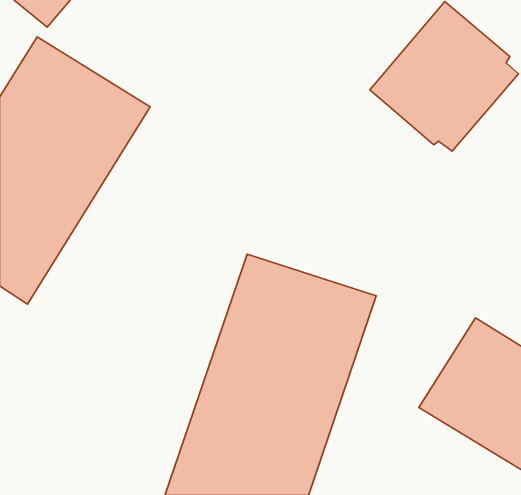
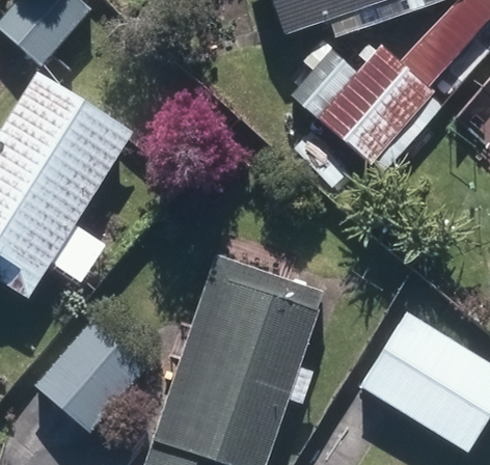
building: none -> [35,318,149,433]

